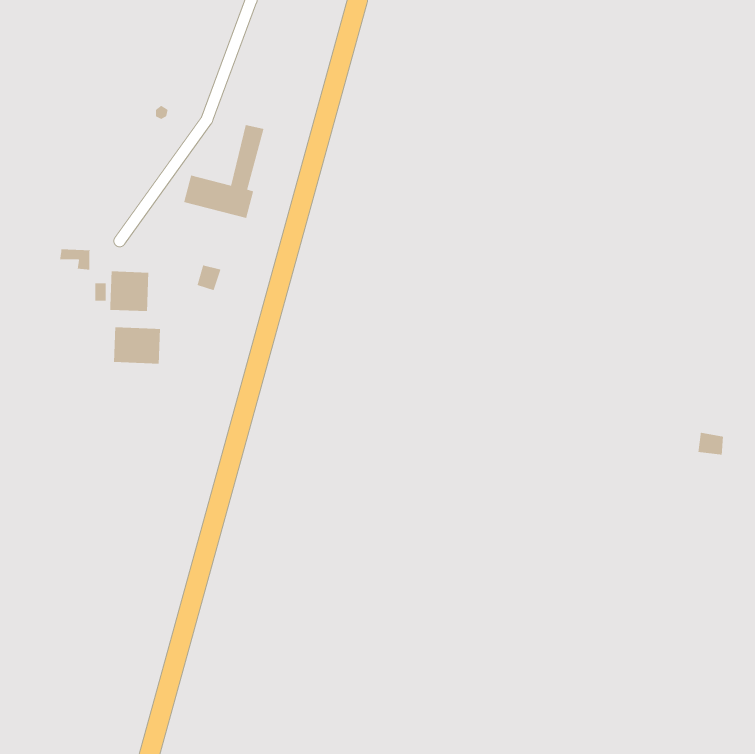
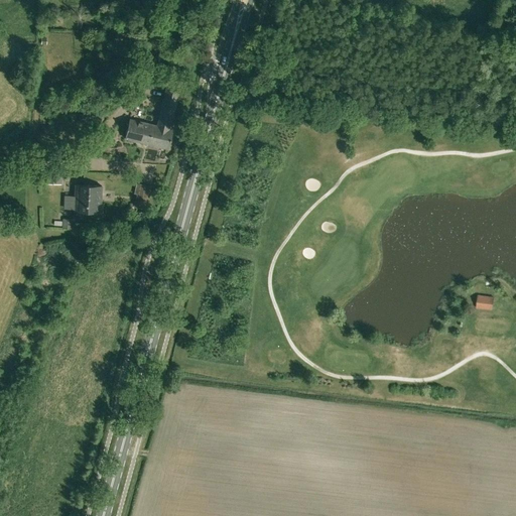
building: [113,327,161,364] -> none

